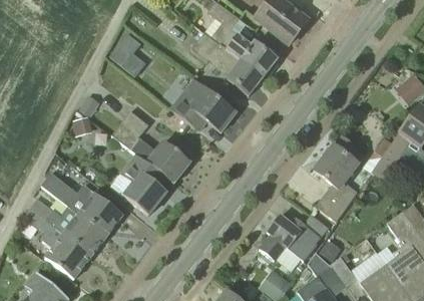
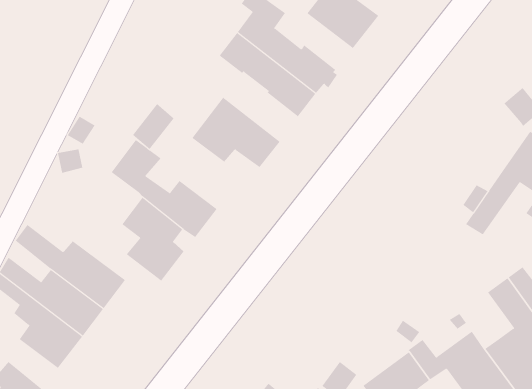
building: [109,32,140,66] -> [132,103,175,150]
building: [314,134,363,222] -> none
building: [259,214,328,262] -> none

